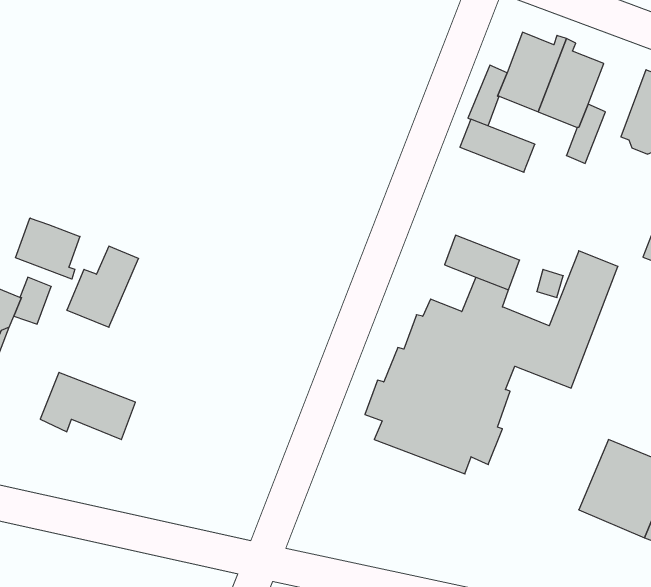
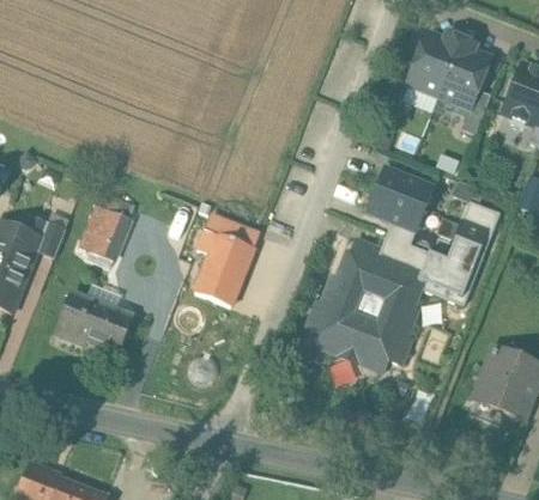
building: [460,119,535,172] -> [376,166,434,207]
building: [15,218,80,279] -> none
building: none -> [192,227,253,306]

